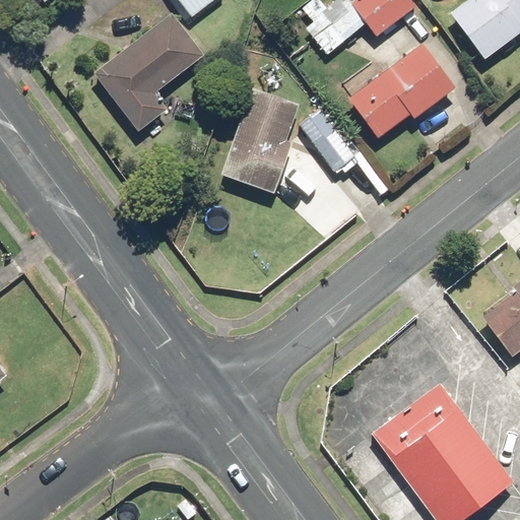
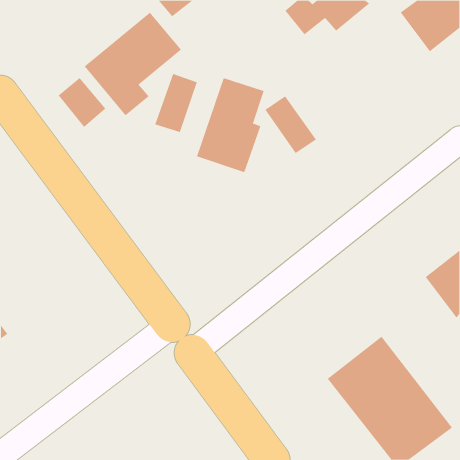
building: [349,43,457,139] -> none
building: none -> [154,73,198,133]
building: none -> [58,77,106,128]

